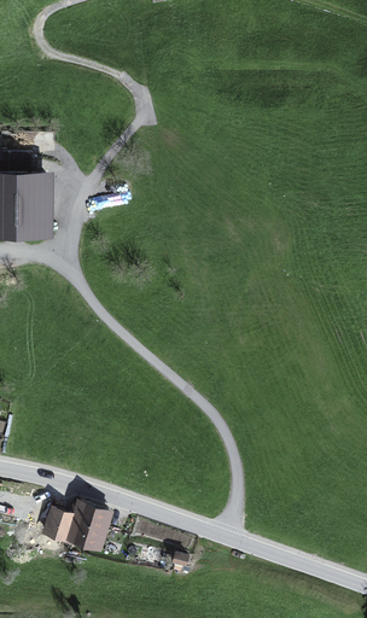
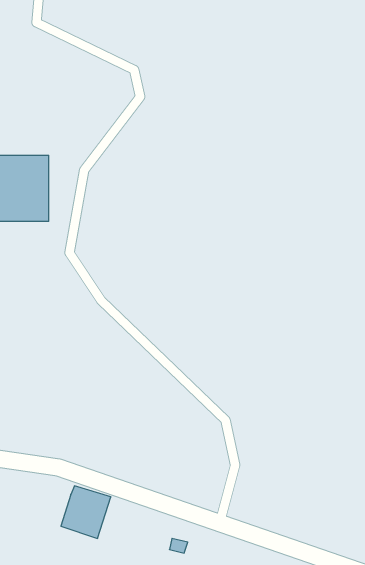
building: [45,502,75,540] -> none

